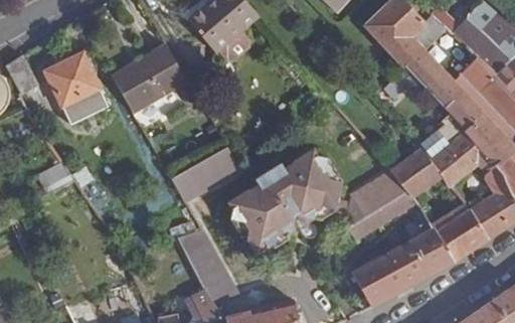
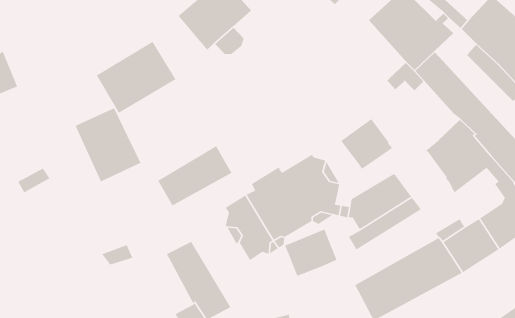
building: [47,54,110,125] -> [75,107,141,182]
building: [393,148,443,196] -> [340,118,393,170]
building: none -> [284,229,338,277]

